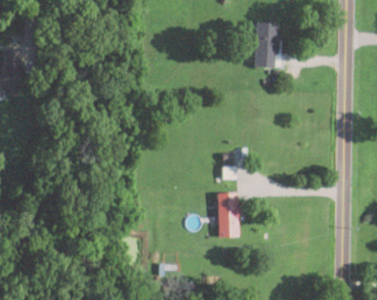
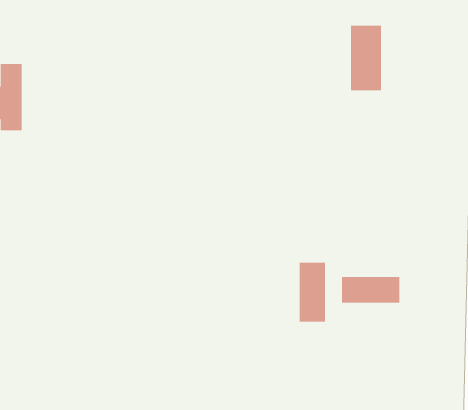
building: none -> [341,276,400,304]

